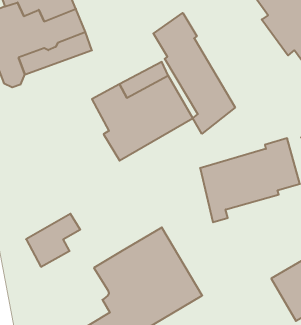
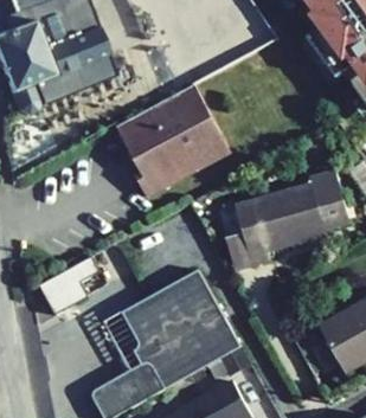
building: [153,13,235,134] -> none

